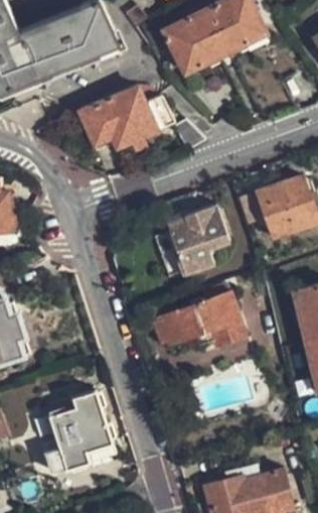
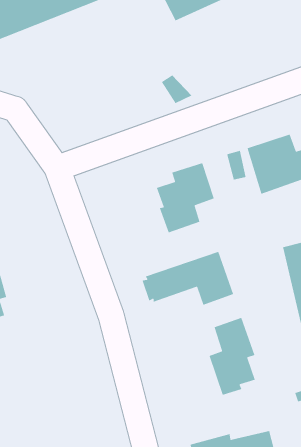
building: [75,87,174,150] -> none
building: none -> [209,317,256,396]
building: [46,388,112,475] -> none

